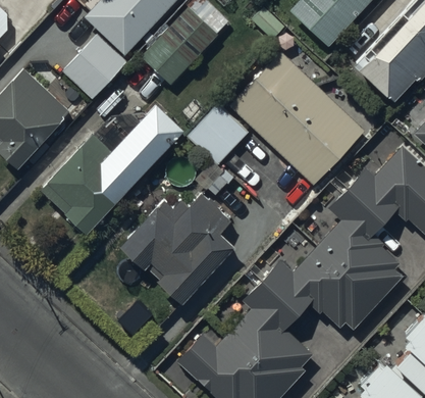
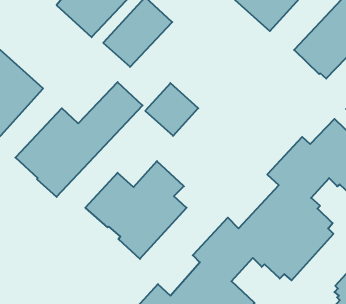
building: [62,34,127,100] -> none
building: [229,52,366,187] -> none

